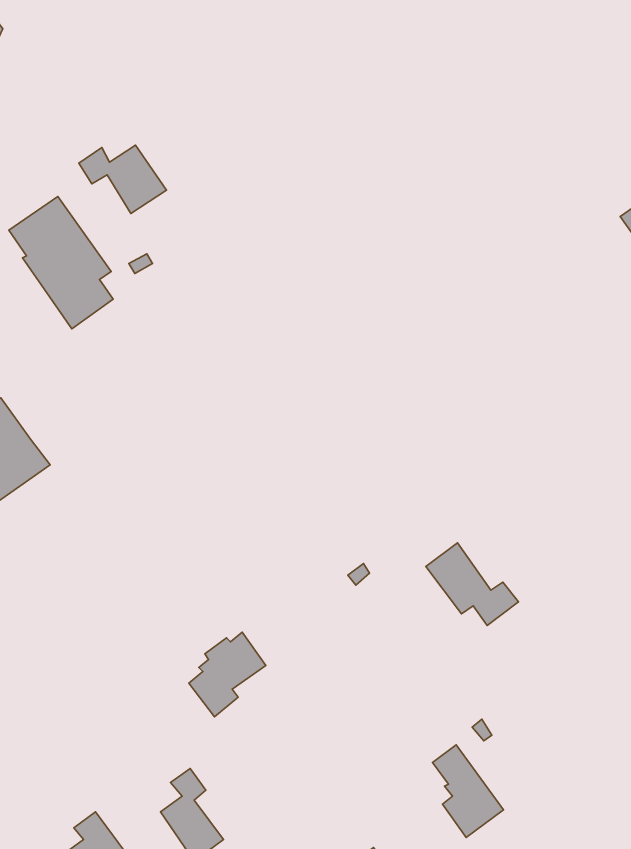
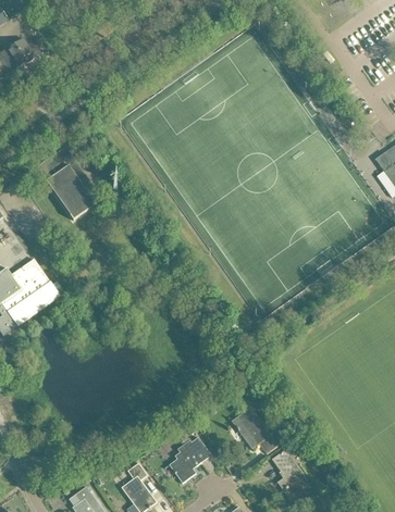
building: [79,145,167,213] -> none
building: [426,543,519,626] -> [233,409,284,454]
building: [189,632,266,717] -> [169,437,211,484]

